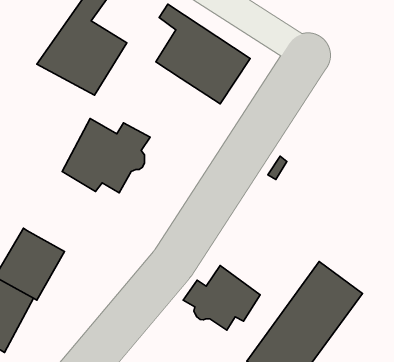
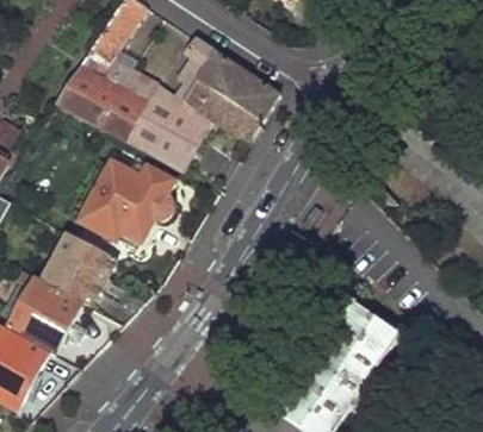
building: none -> [114,79,208,169]
building: none -> [42,231,116,306]
building: [183,265,260,330] -> none

